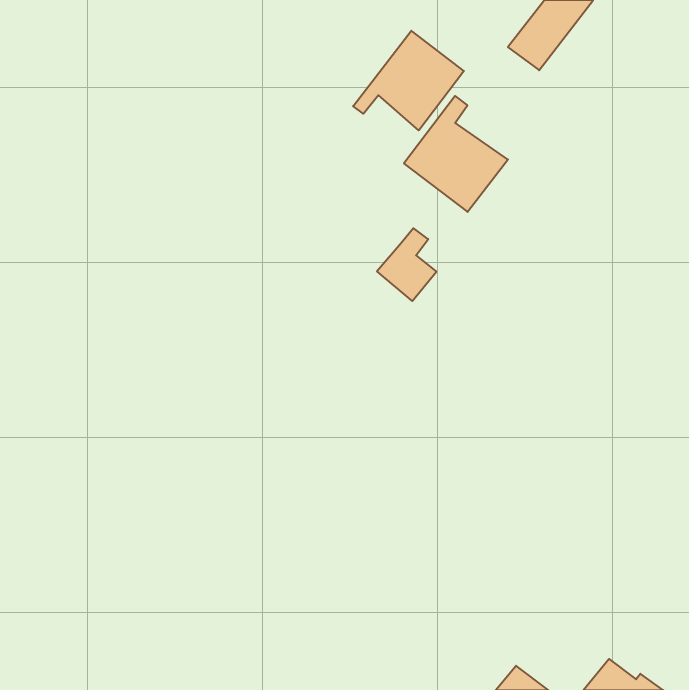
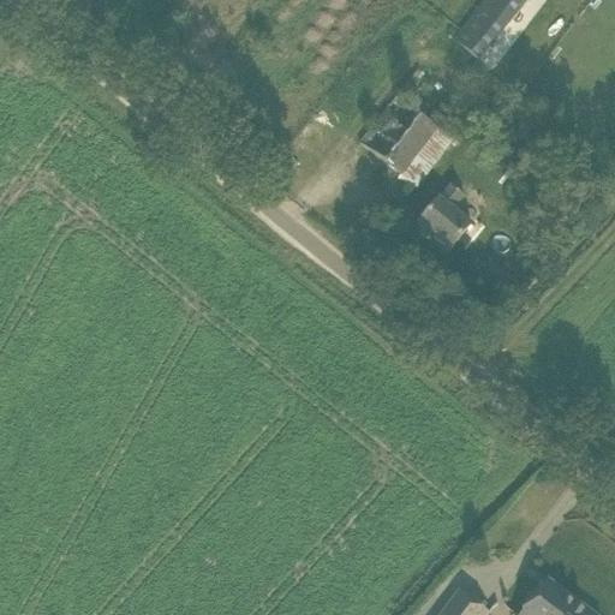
building: [353,31,464,130] -> none
building: [377,228,436,301] -> [417,187,470,252]

